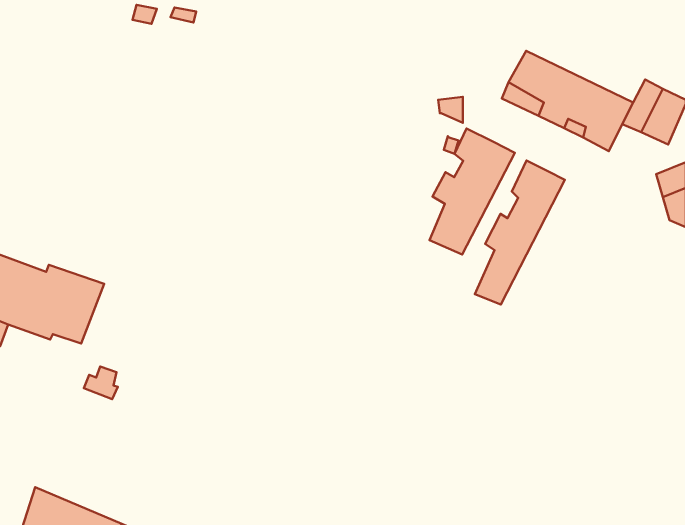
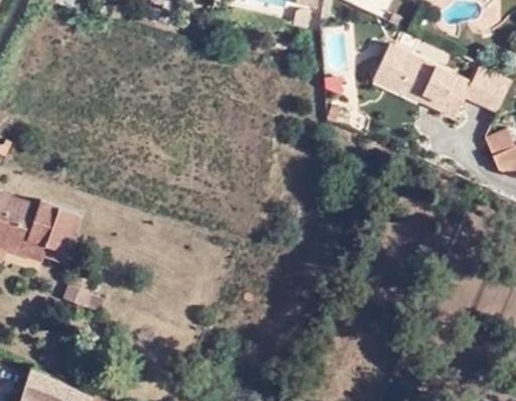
building: [430,129,515,254] -> none
building: [475,161,565,305] -> none

